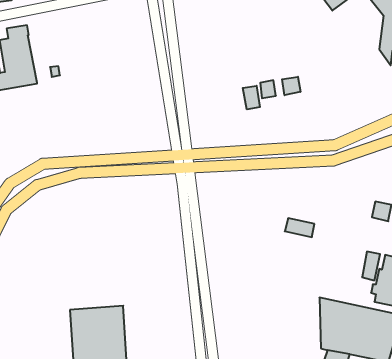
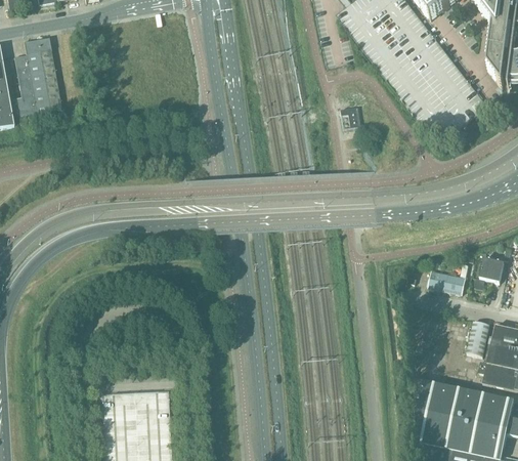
building: [282,77,300,95] -> none
building: [243,86,260,109] -> none
building: [285,218,314,237] -> [428,269,465,293]

